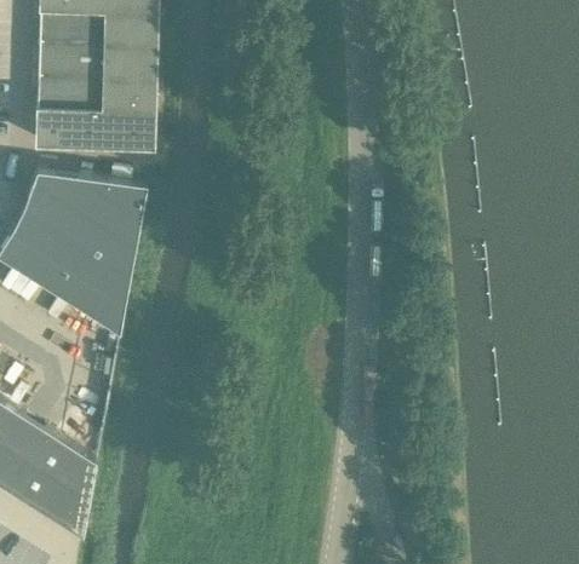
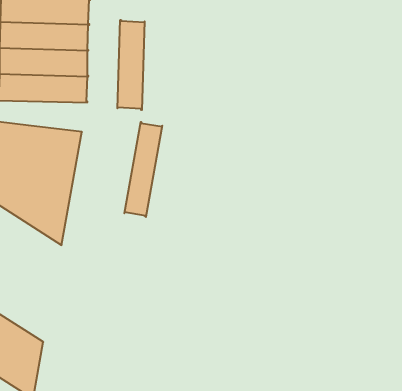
building: none -> [117,20,145,110]
building: none -> [124,122,162,217]

